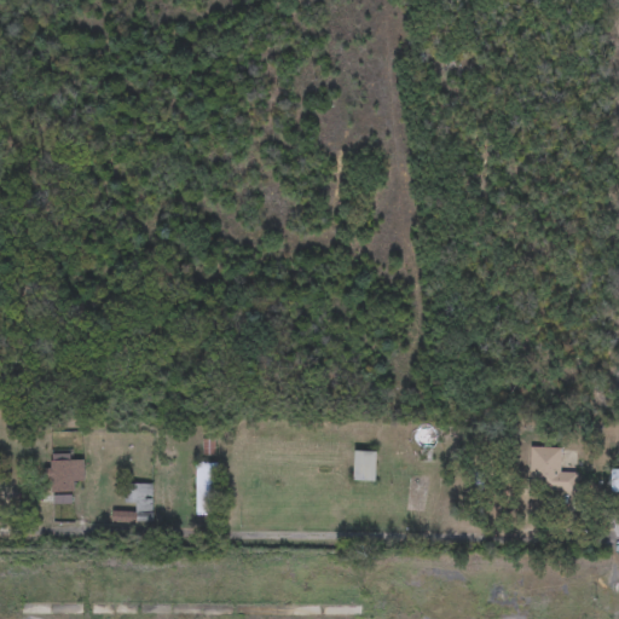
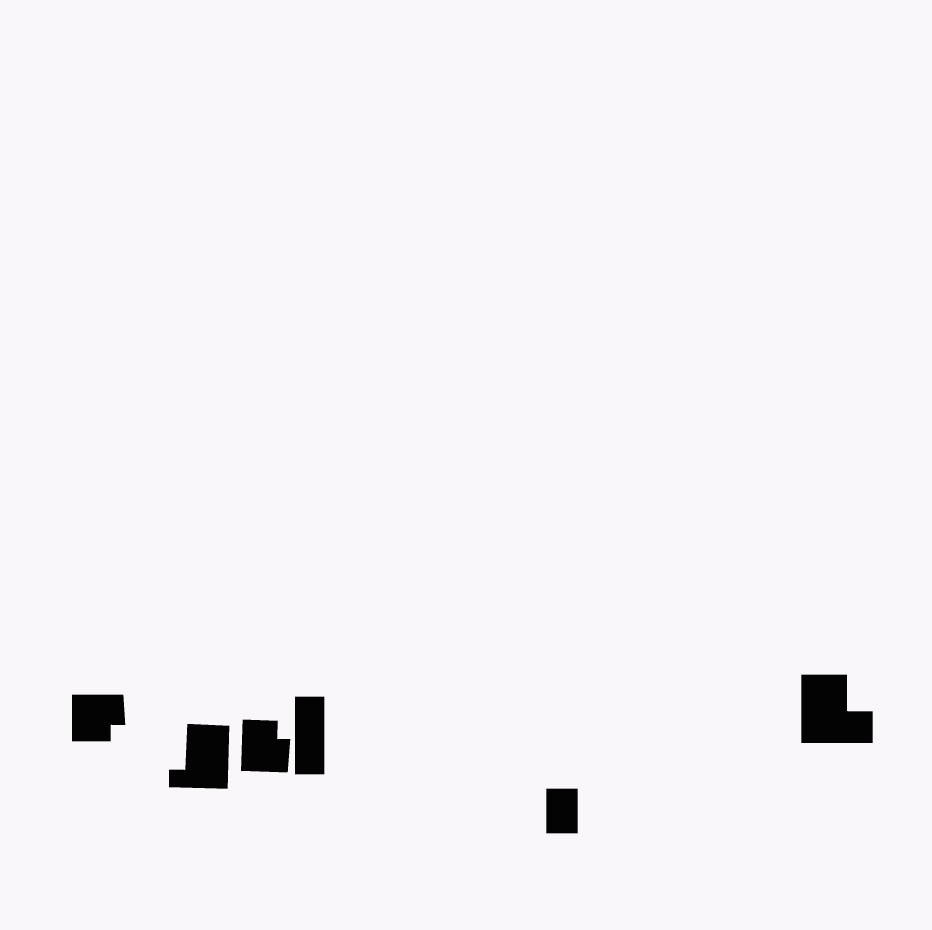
building: [354,450,376,480] -> [545,788,578,834]
building: none -> [241,719,291,773]

